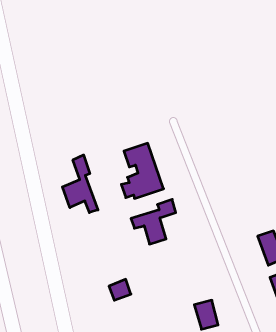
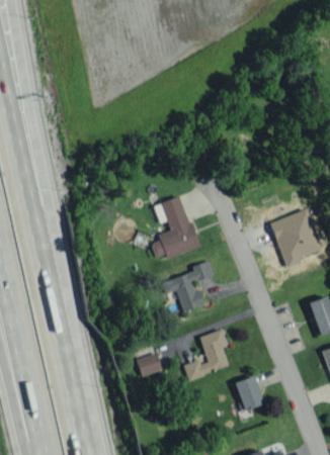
building: [62,155,98,213] -> none
building: none -> [270,209,321,268]
building: none -> [184,329,229,379]

